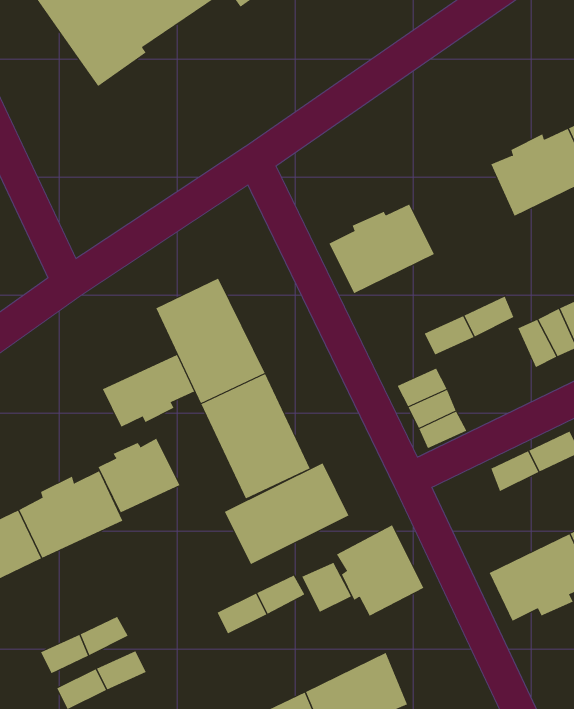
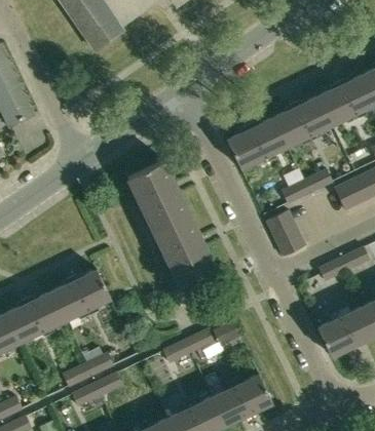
building: none -> [272,94,332,146]
building: [102,354,195,428] -> none
building: [98,438,180,513] -> none
building: [224,462,349,565] -> none
building: [336,524,424,616] -> none

